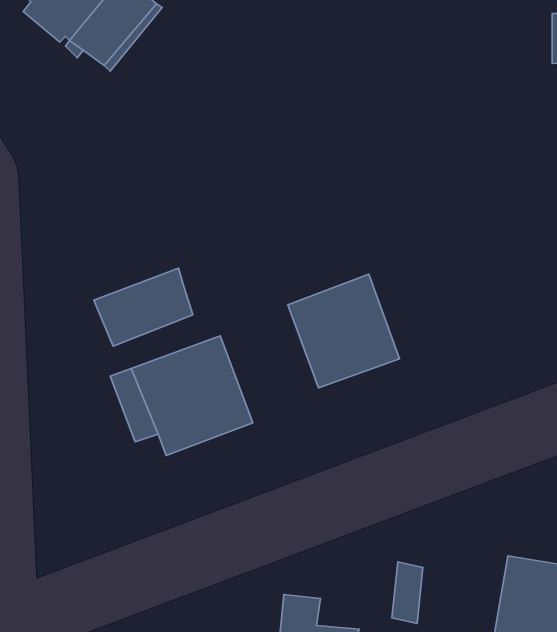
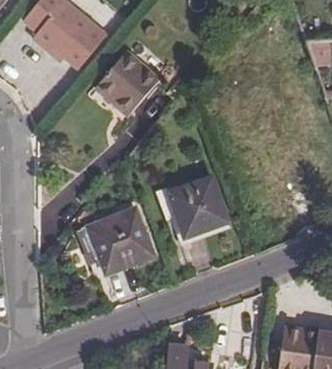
building: none -> [98,53,157,114]
building: [94,268,193,346] -> none

